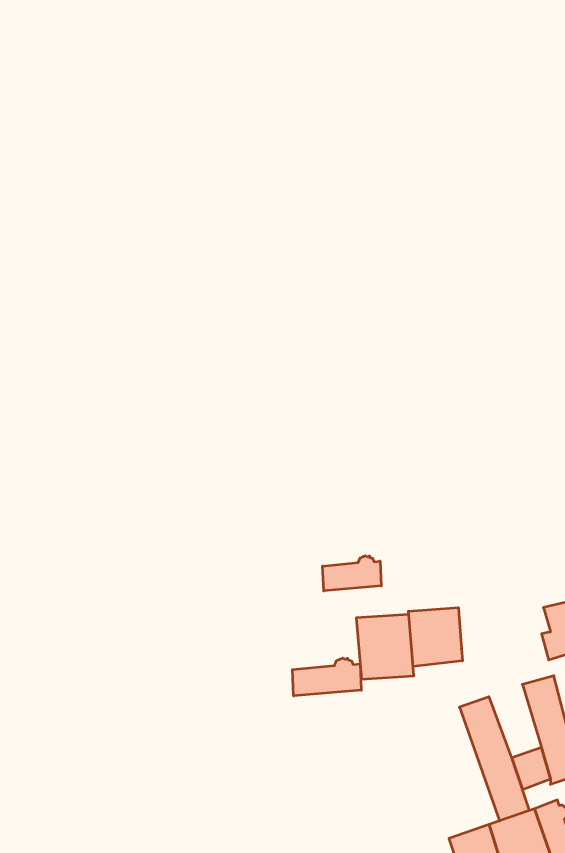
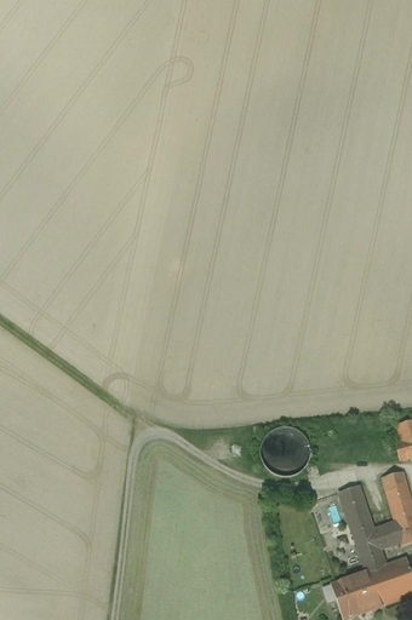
building: [323,556,381,591] -> none
building: [408,608,462,666] -> none
building: [292,658,361,696] -> none

